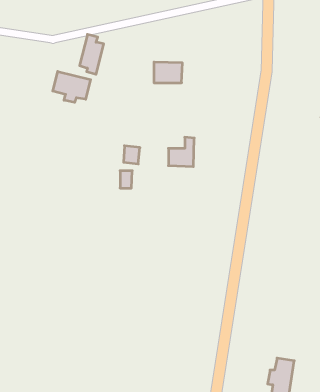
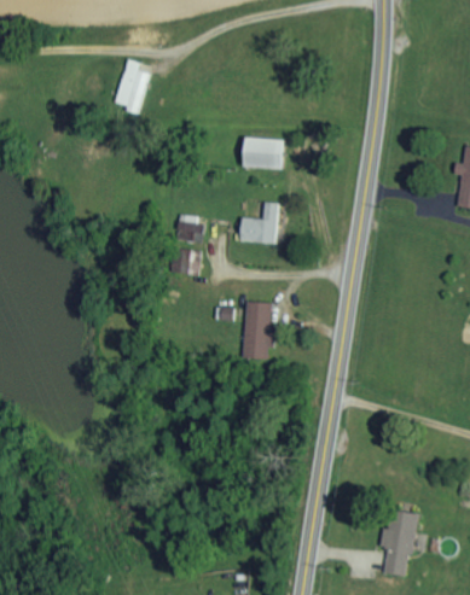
building: [154,62,182,83] -> [243,138,283,167]
building: [53,71,91,102] -> none
building: none -> [243,301,271,358]

